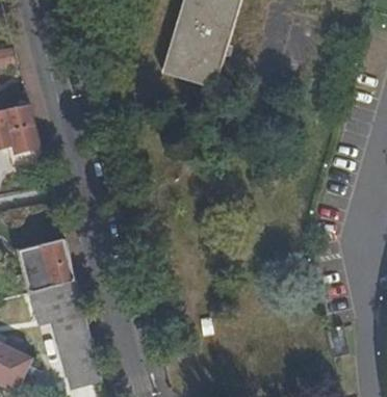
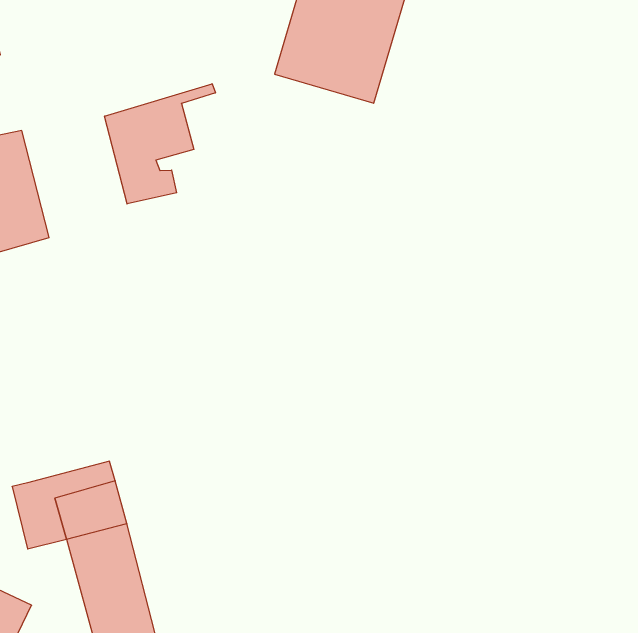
building: none -> [105,84,215,204]
building: [20,239,74,292] -> none

